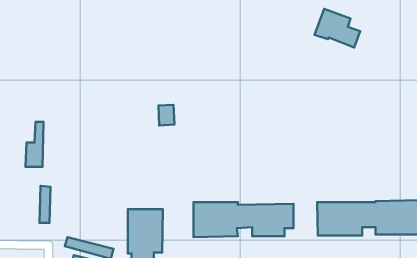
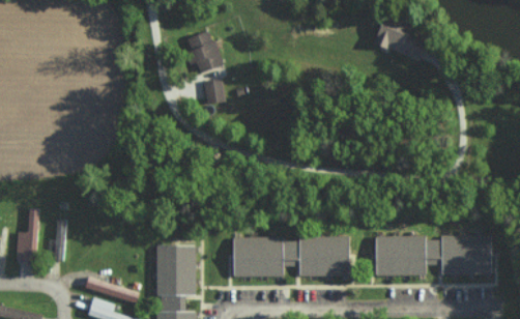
building: none -> [185,31,221,71]
building: [158,105,175,125] -> [205,80,224,104]
building: [25,122,43,167] -> [16,208,36,260]

